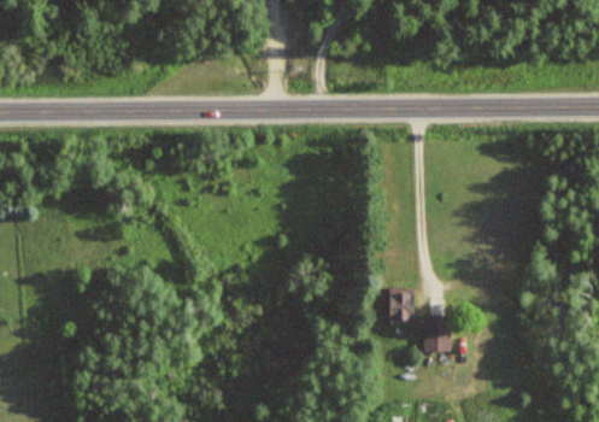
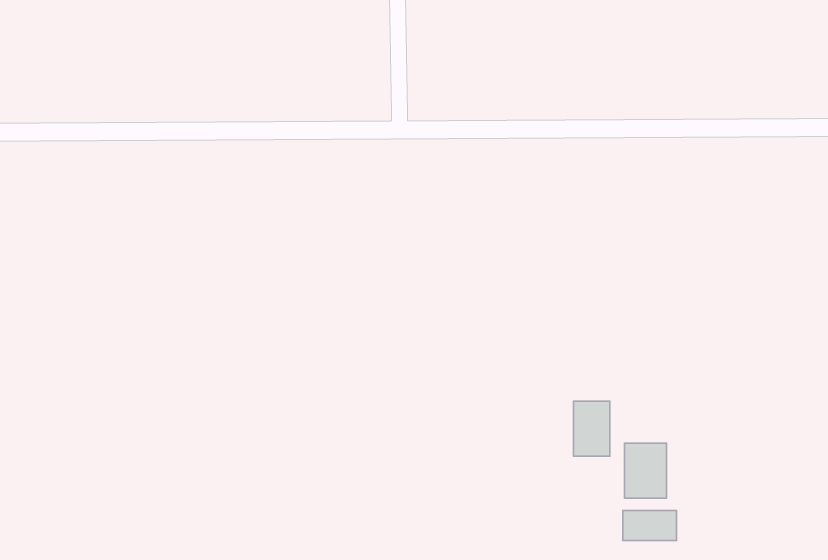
building: none -> [623,510,676,541]

